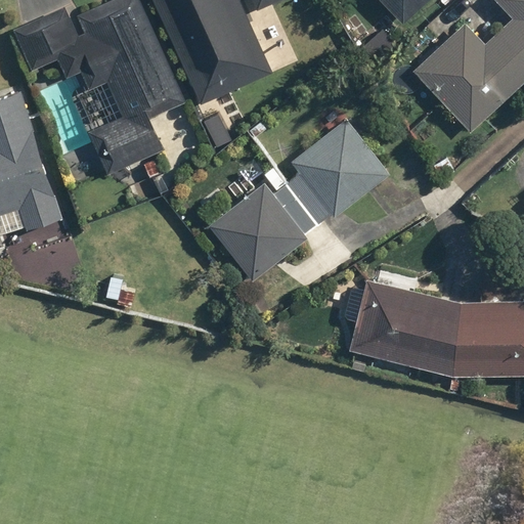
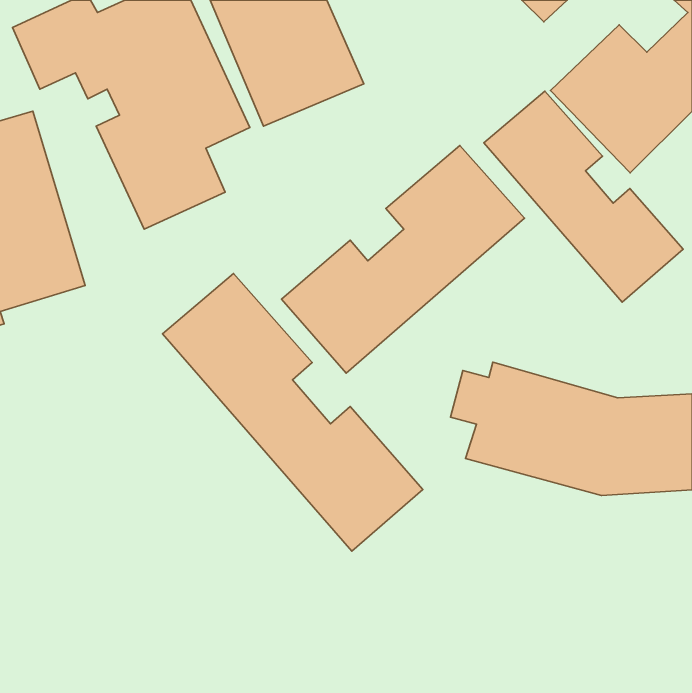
building: none -> [484,91,683,302]
building: none -> [163,274,423,551]

